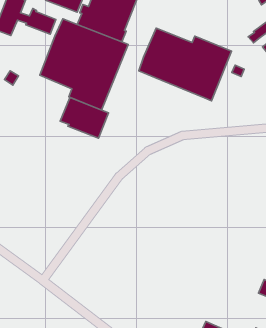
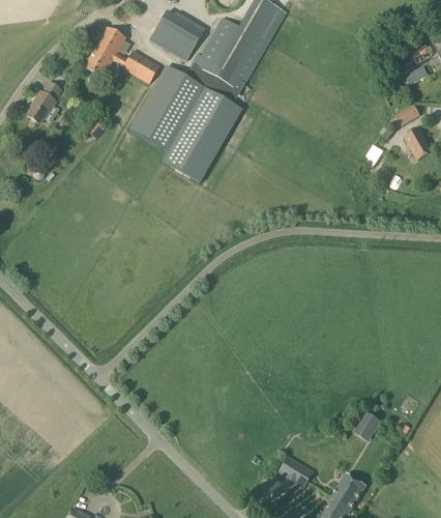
building: [139,28,232,101] -> none
building: [60,98,108,138] -> none

